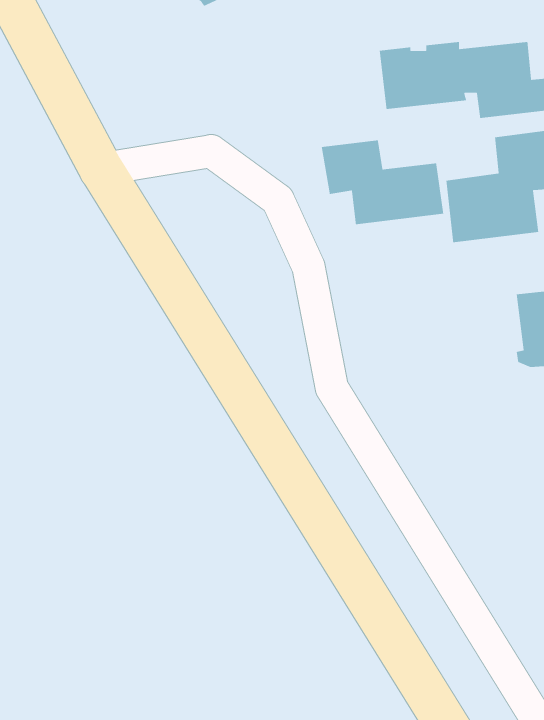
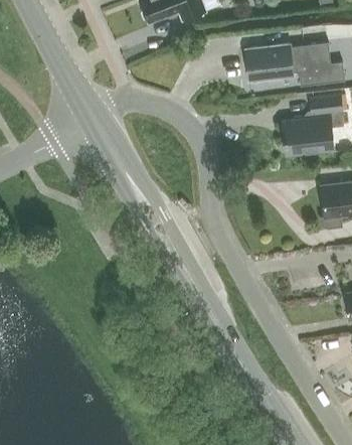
building: [321,140,444,225] -> none

